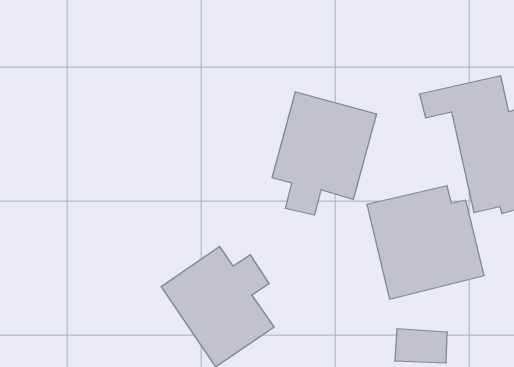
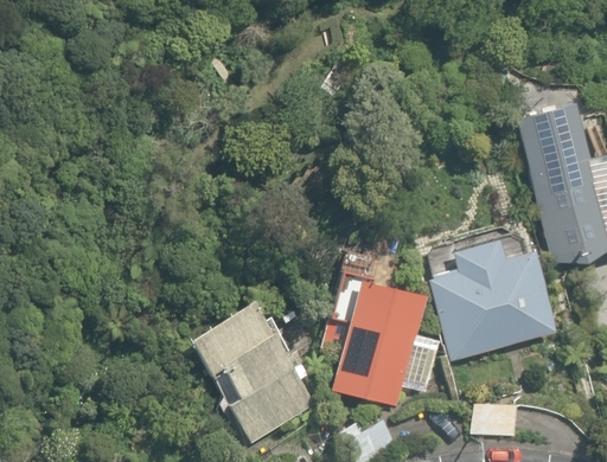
building: [272,92,377,215] -> none
building: none -> [320,277,441,409]

